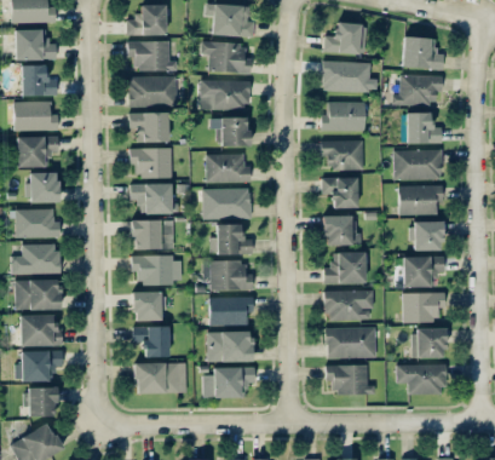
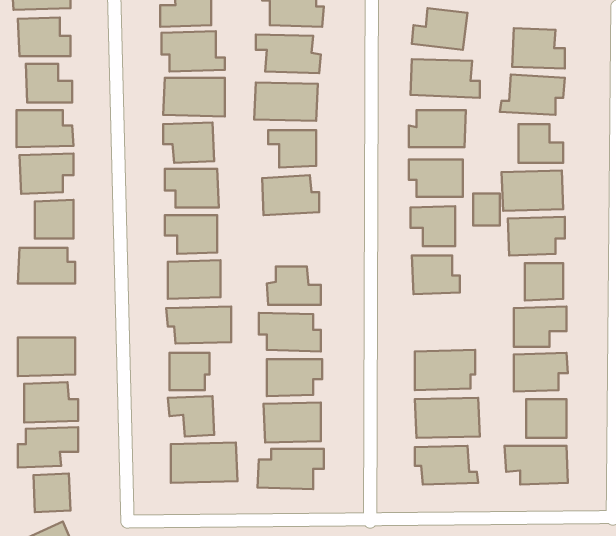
building: none -> [473,193,500,225]
building: [202,188,251,219] -> none
building: [10,243,59,275] -> none
building: [323,252,366,283] -> none

